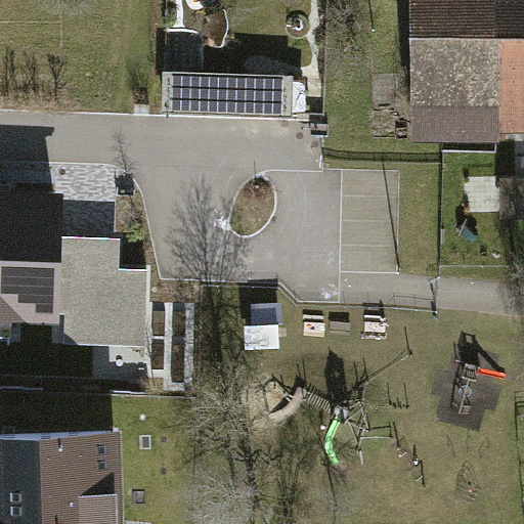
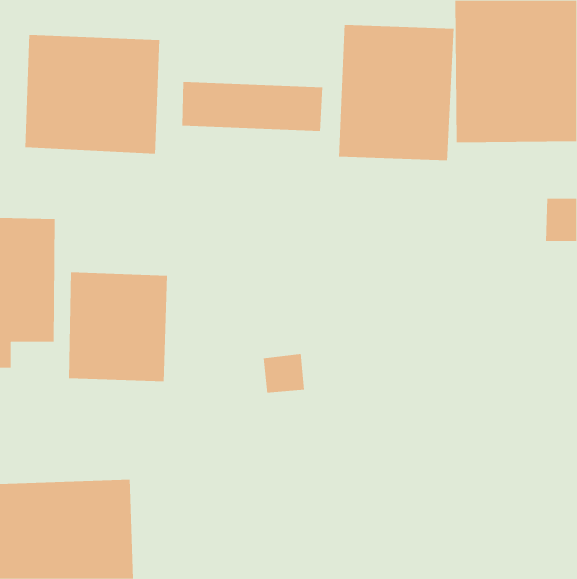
building: none -> [339,24,454,161]
building: none -> [25,34,160,154]

